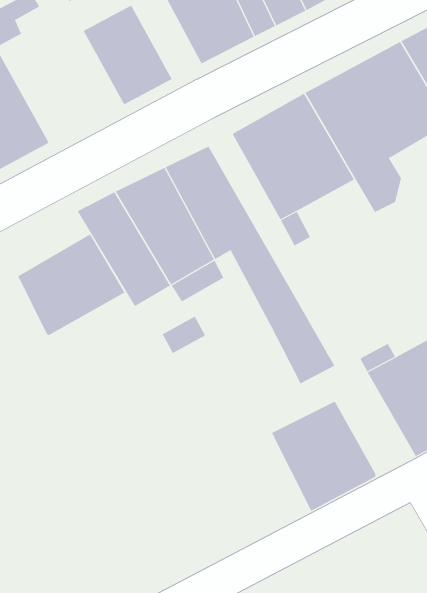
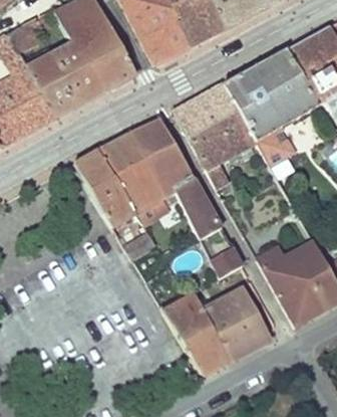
building: none -> [27,42,103,117]
building: [18,233,125,336] -> none
building: none -> [162,292,227,374]

